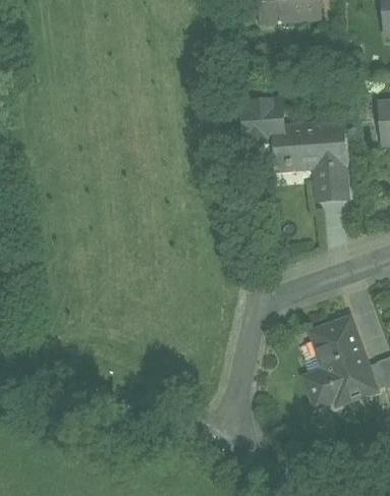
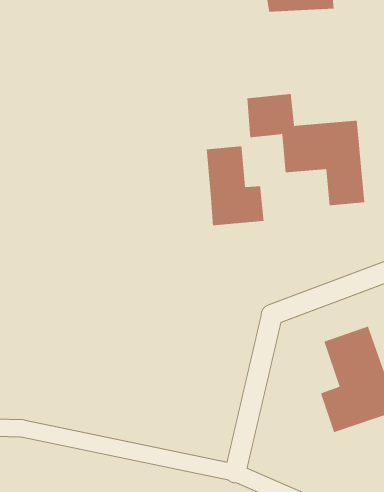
building: none -> [206,145,264,226]

